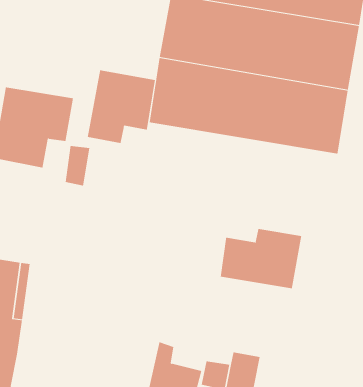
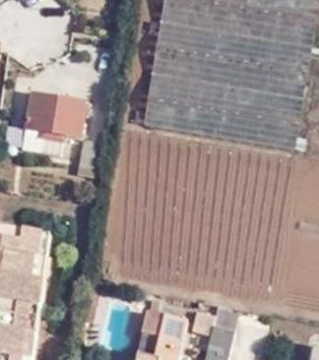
building: [87,69,156,144] -> none
building: [220,228,302,289] -> none

